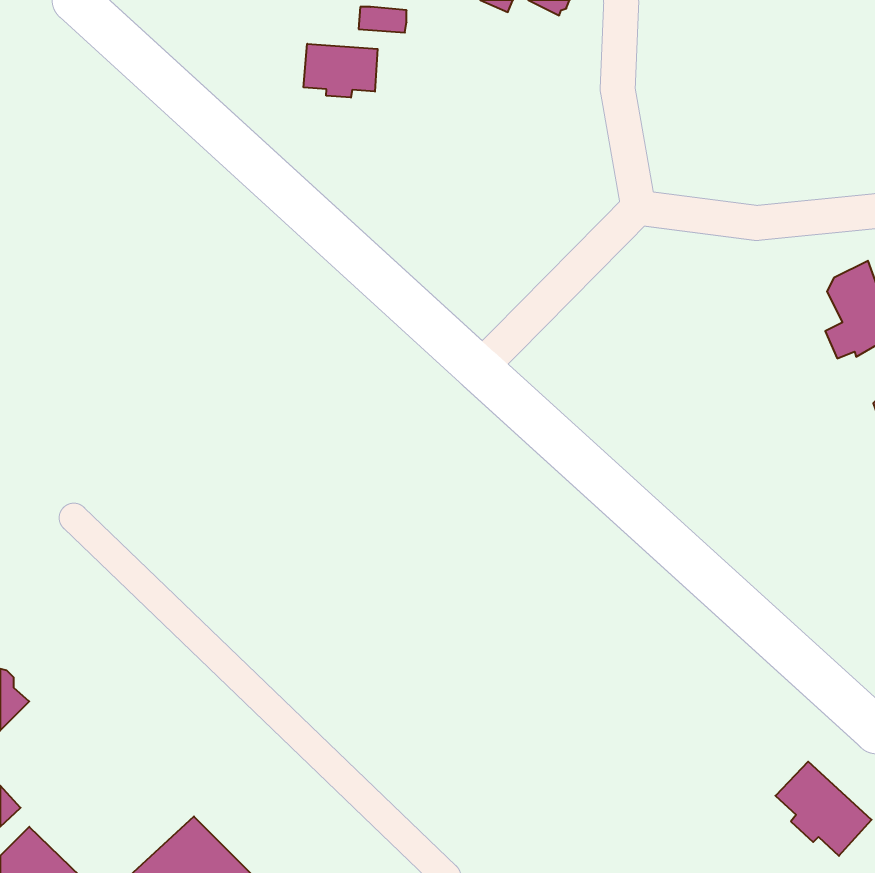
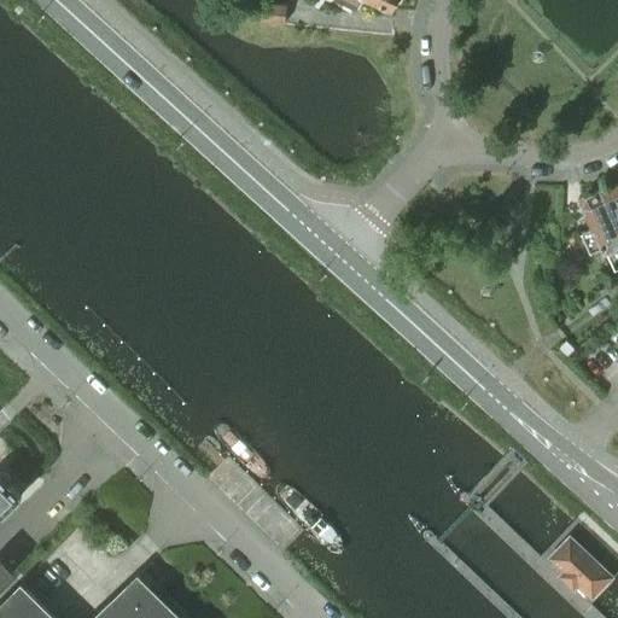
building: [304,44,378,98] -> none

